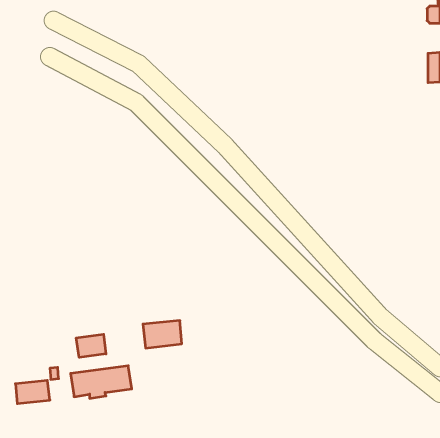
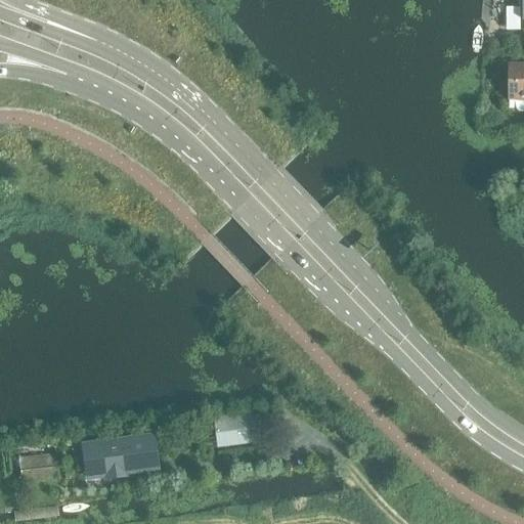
building: [143,321,182,348] -> [213,412,259,445]
building: [76,334,106,357] -> none

